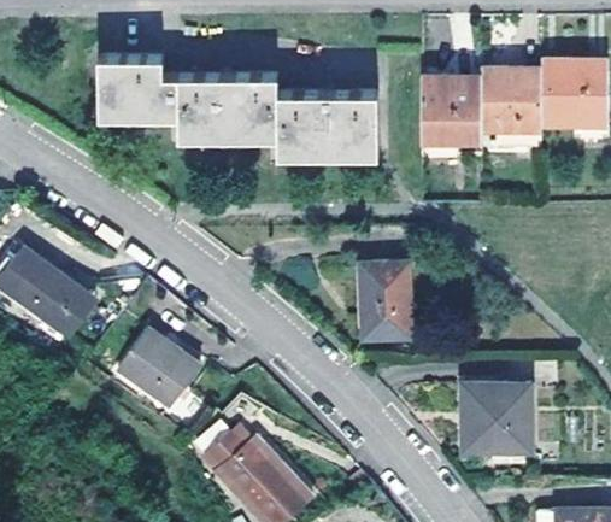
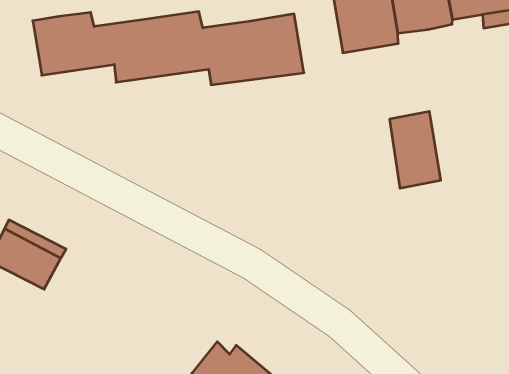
building: [359,259,404,335] -> [390,111,441,188]
building: [116,333,200,411] -> none
building: [459,386,527,454] -> none

